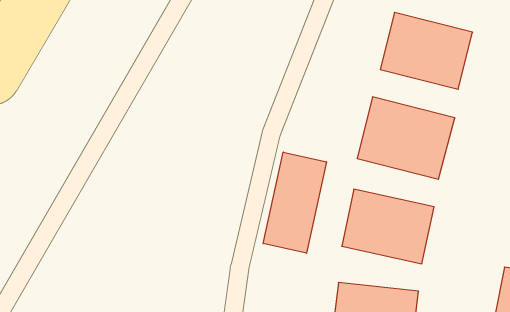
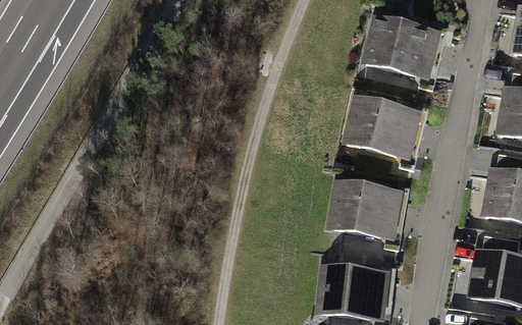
building: [263,152,326,253] -> none

